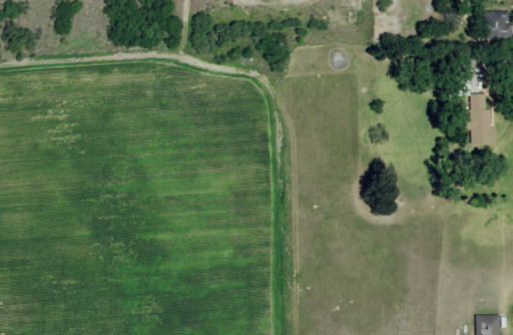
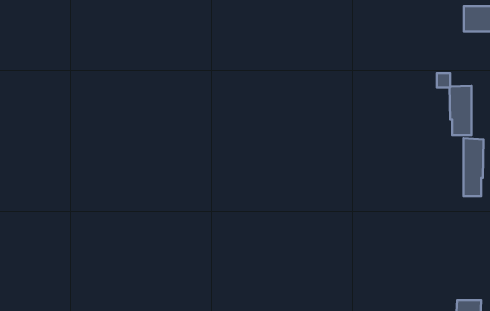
building: none -> [464,138,484,196]

